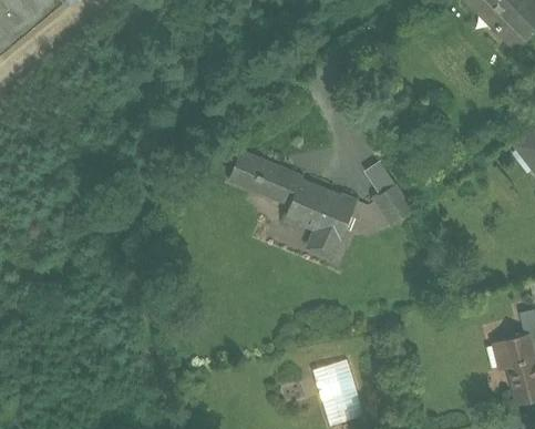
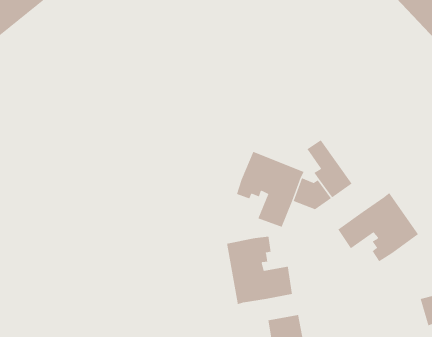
building: [226,151,300,206] -> none
building: none -> [338,192,419,262]
building: none -> [227,236,293,305]

